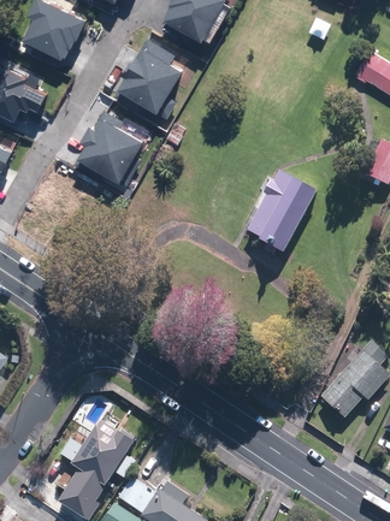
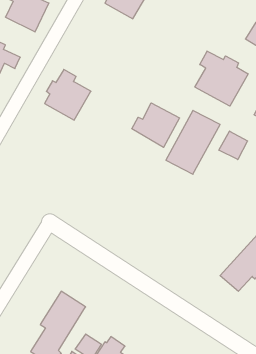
building: [113,39,179,124] -> none
building: none -> [195,51,248,106]
building: none -> [132,103,180,147]
building: none -> [219,131,248,160]

